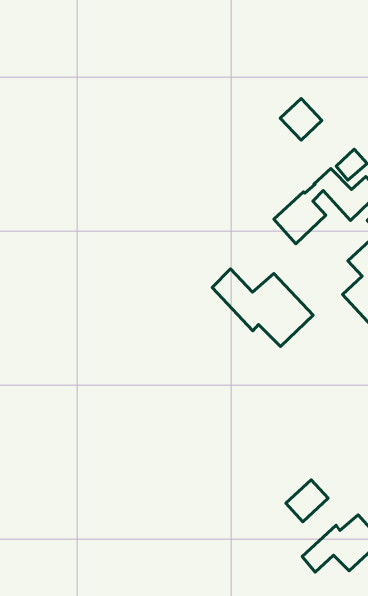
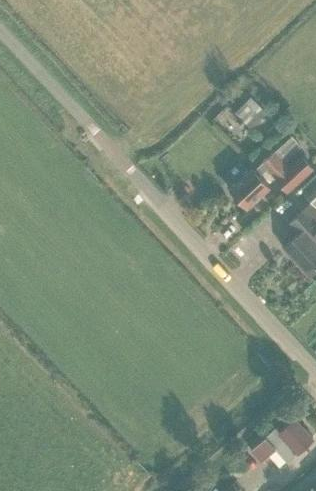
building: [212,269,313,346] -> none
building: [286,480,328,522] -> none

